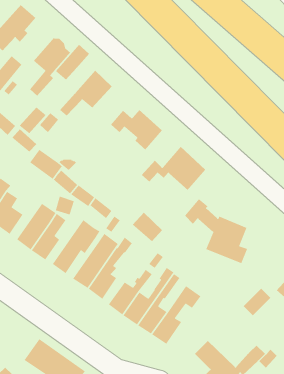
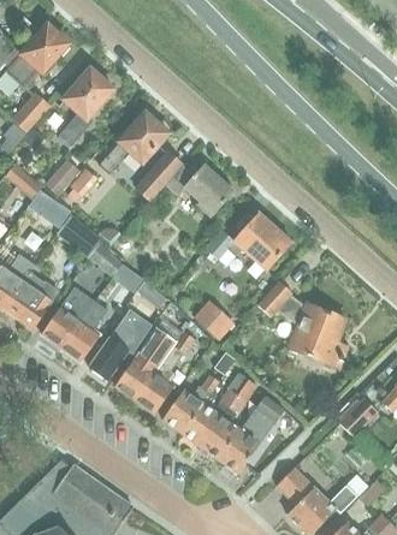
building: [55,44,90,80] -> [135,151,180,200]

